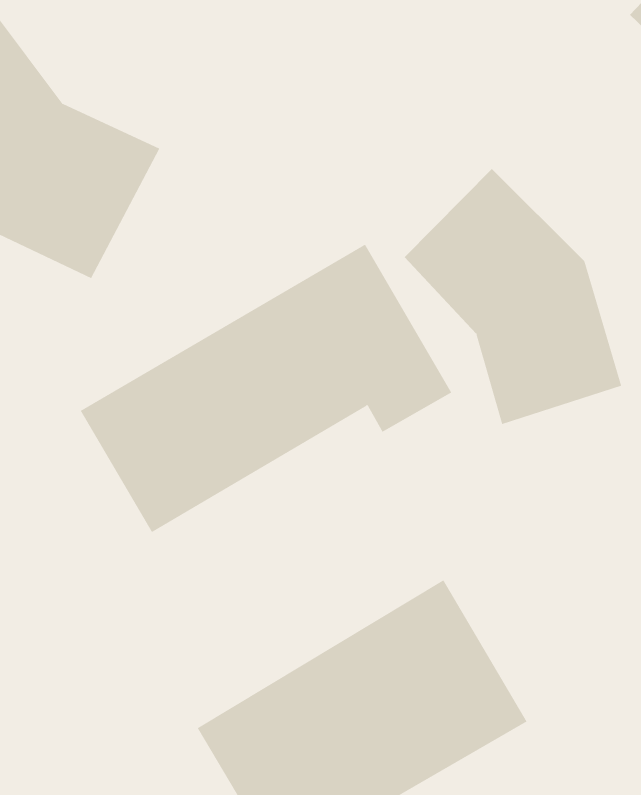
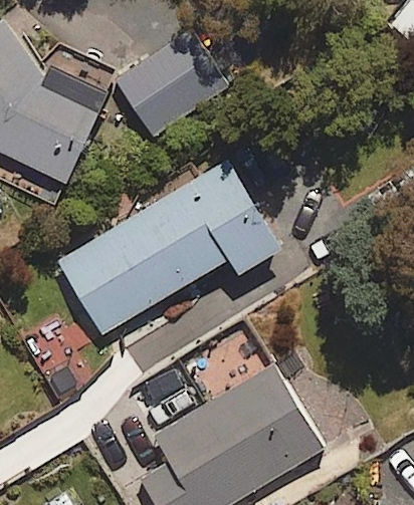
building: none -> [117,30,227,137]
building: [404,168,622,425] -> none

